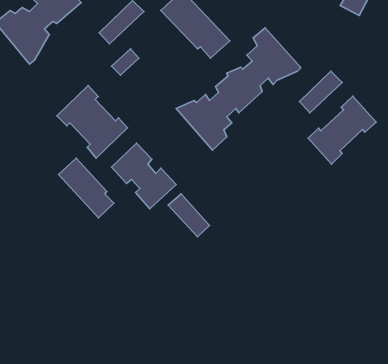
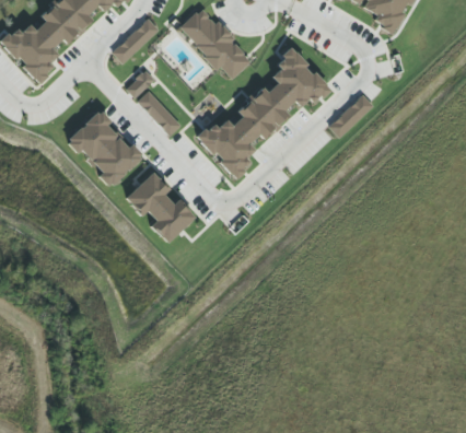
building: none -> [138,90,183,136]
building: [308,96,376,164] -> none
building: [58,158,114,218] -> none
building: [168,194,209,237] -> none

